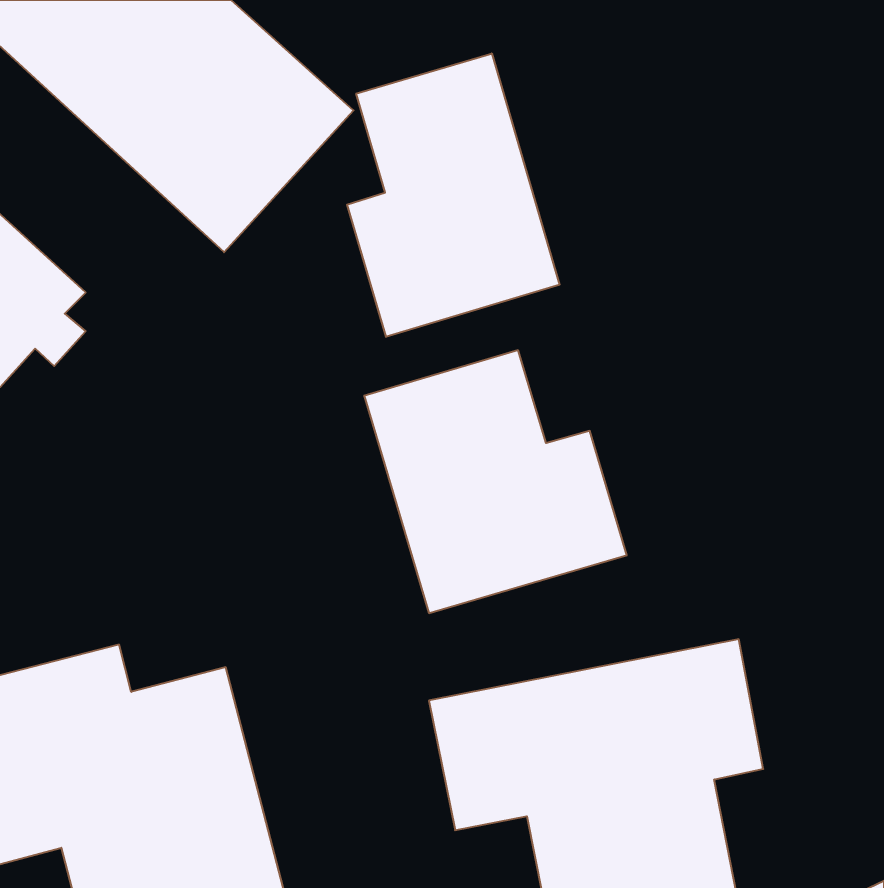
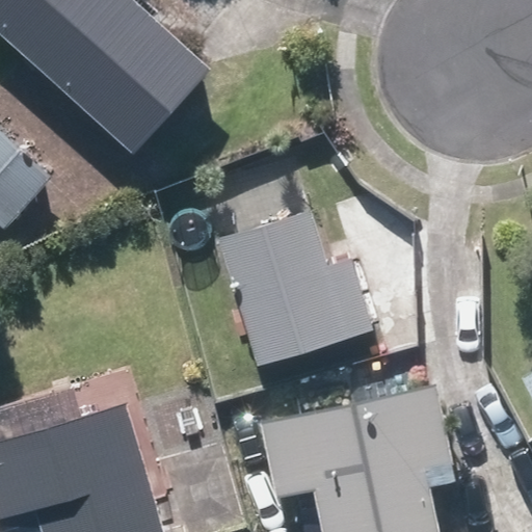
building: [347,53,560,337] -> none

